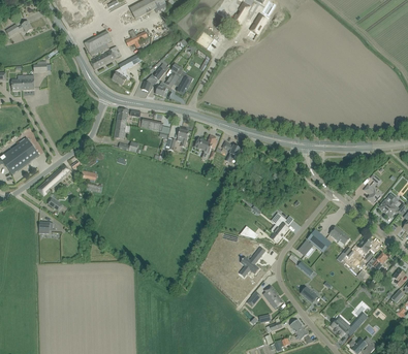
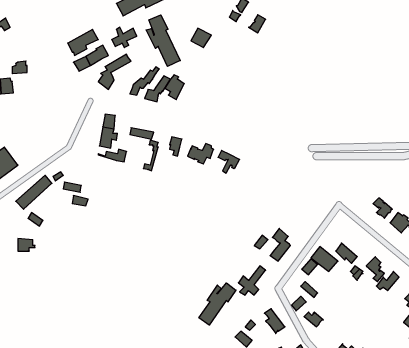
building: none -> [146,15,180,66]
building: none -> [199,283,236,325]

